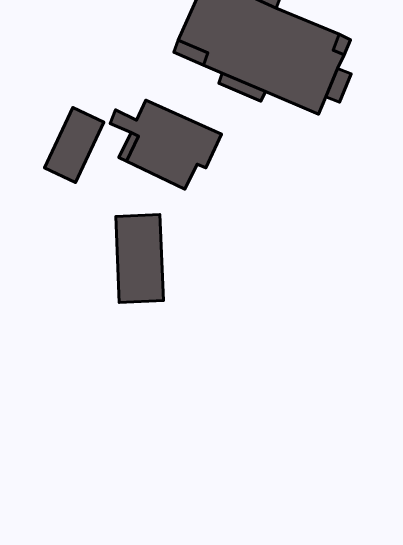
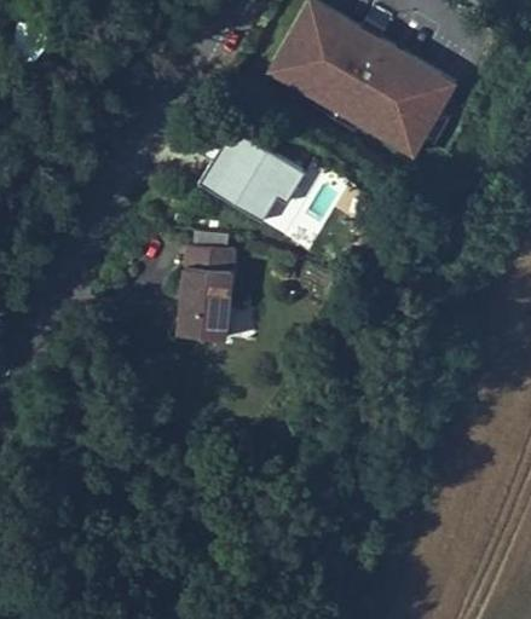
building: [44,108,104,183] -> none

